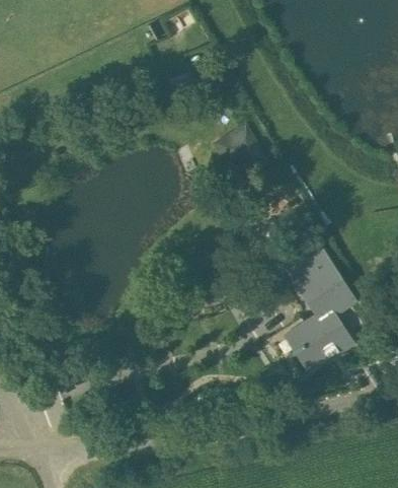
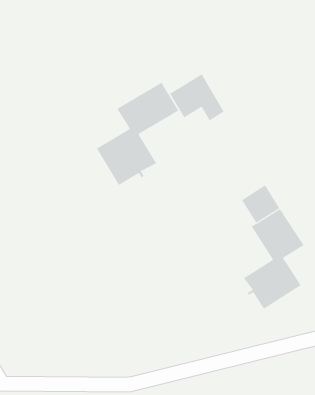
building: none -> [96,82,179,186]

